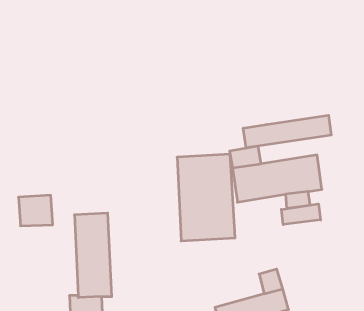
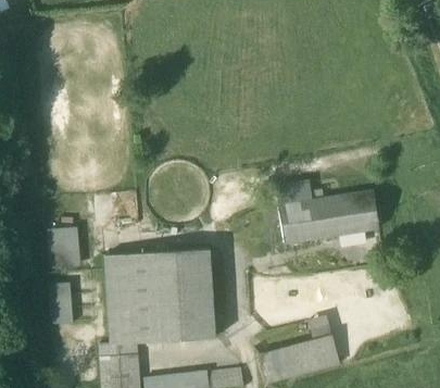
building: [243,115,331,148] -> none
building: [177,154,235,241] -> [142,251,206,347]
building: [281,204,321,225] -> none
building: none -> [50,284,74,324]

